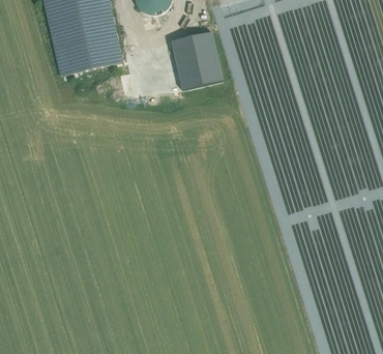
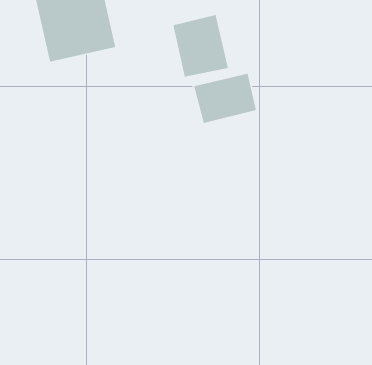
building: none -> [193,73,257,124]

